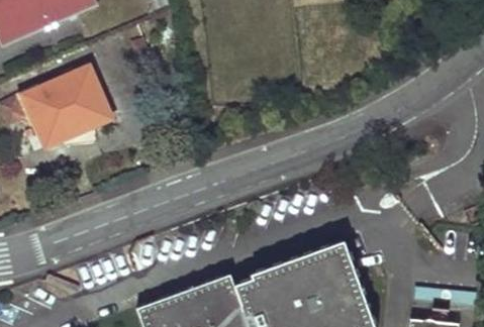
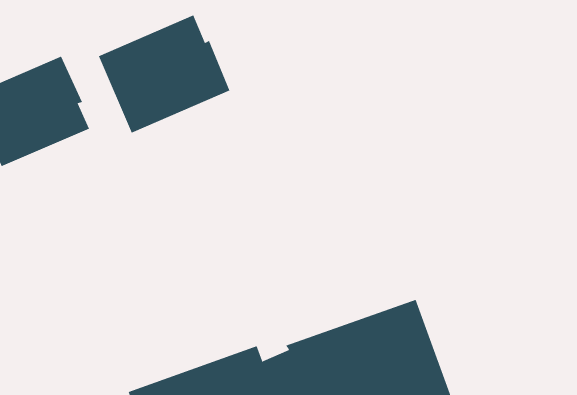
building: none -> [98,14,230,133]

